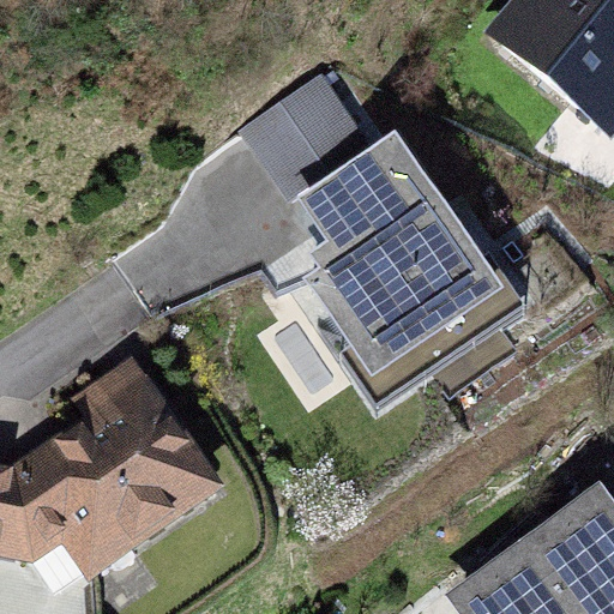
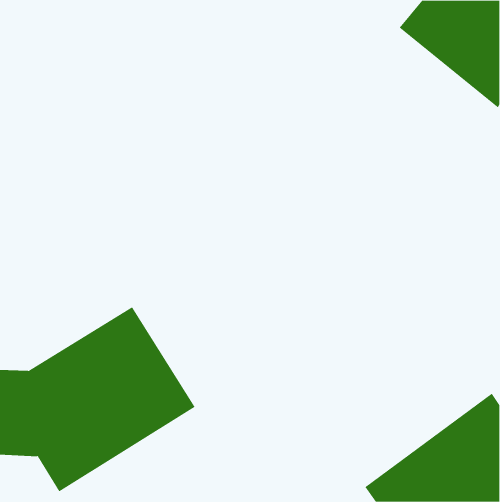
building: [236,71,357,179] -> none
building: [294,128,501,372] -> none

